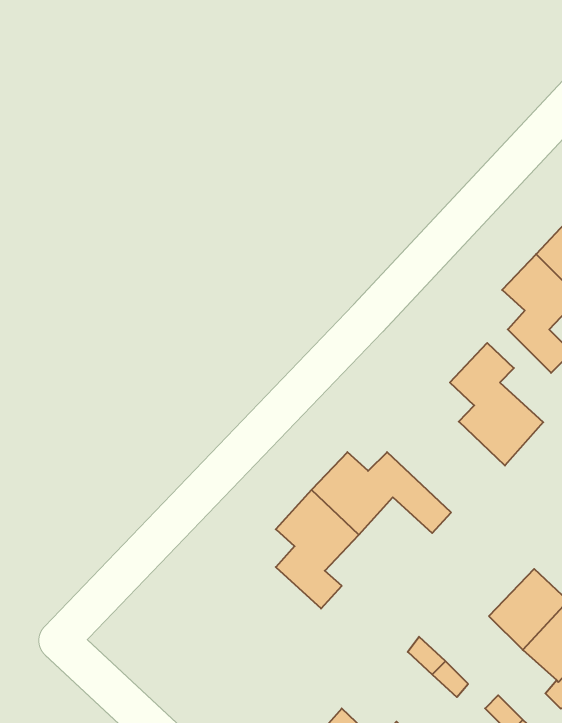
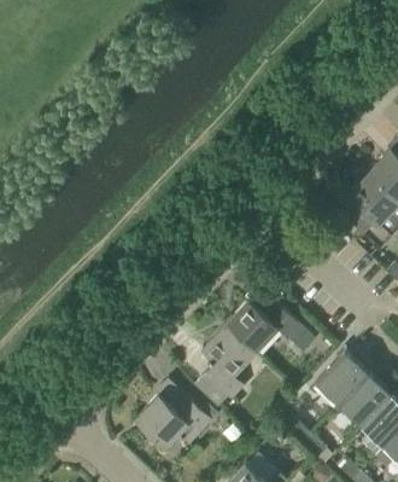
building: [450,343,543,466] -> none
building: none -> [315,352,368,405]
building: none -> [135,394,218,447]

